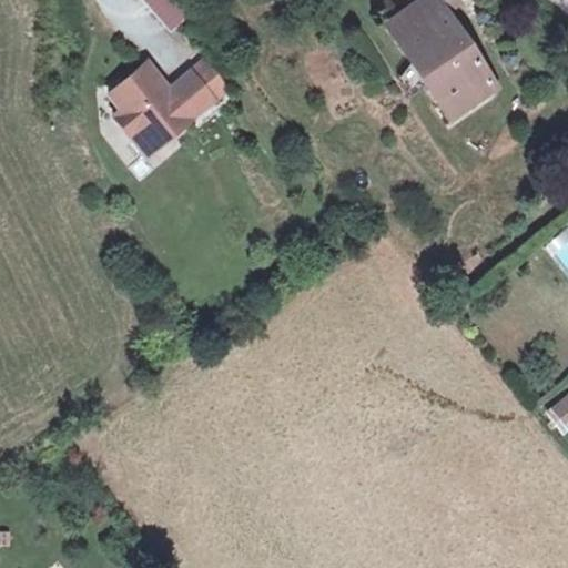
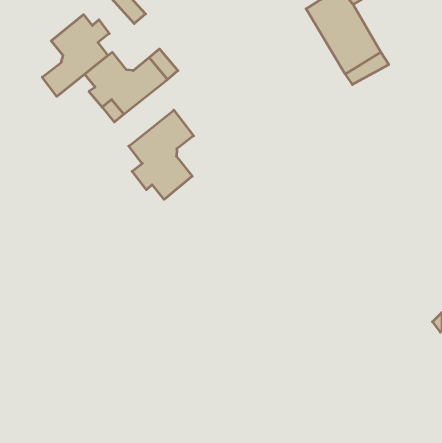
building: none -> [42,15,109,96]
building: none -> [129,110,194,199]

